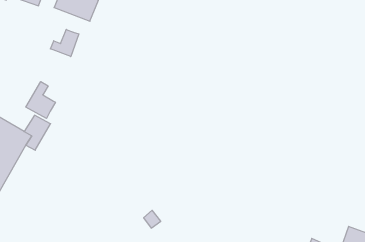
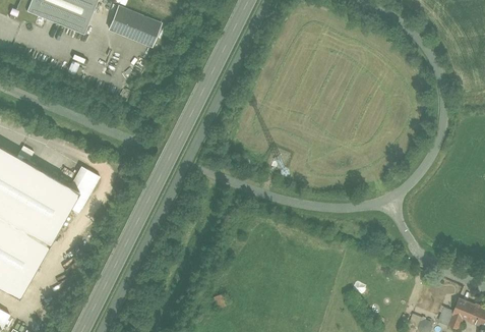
building: [50,29,79,57] -> none
building: [26,82,55,118] -> none

